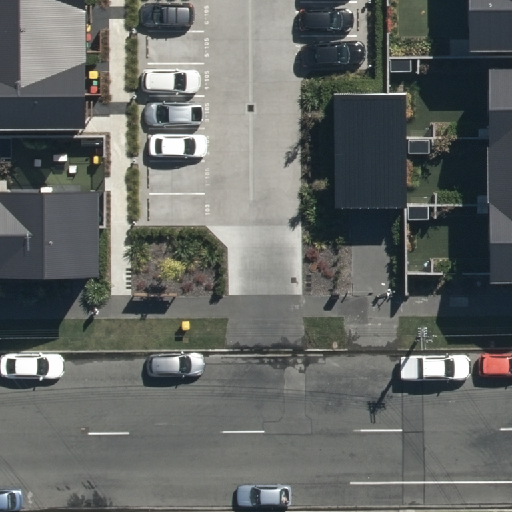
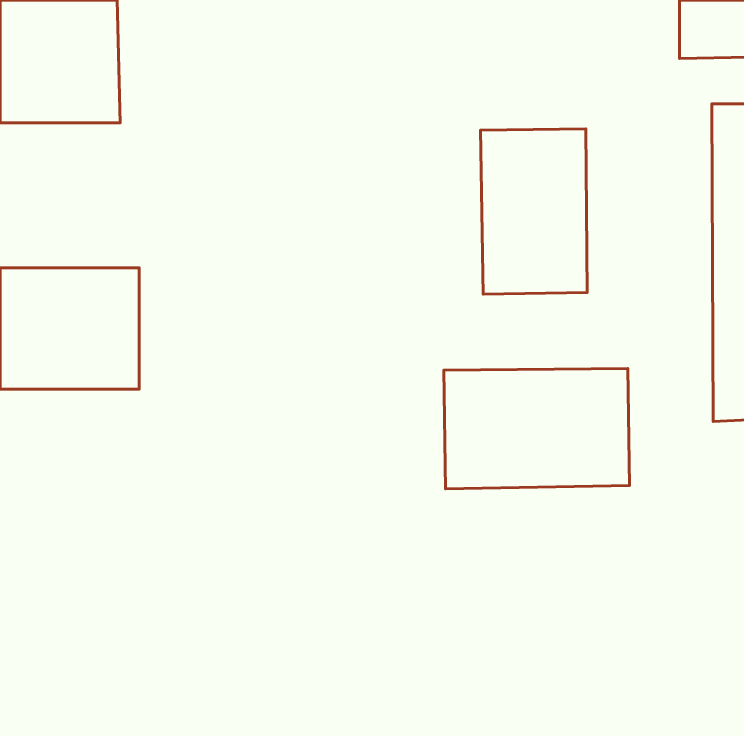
building: none -> [444,368,630,489]

